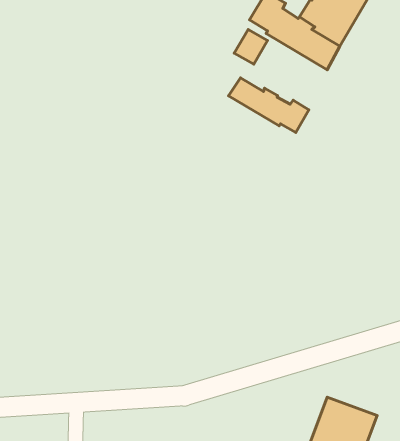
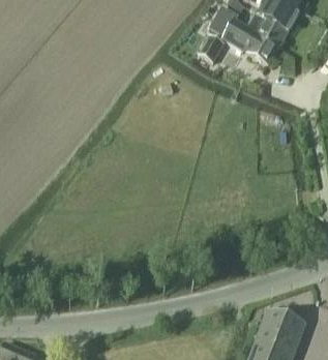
building: [229,78,309,132] -> none

